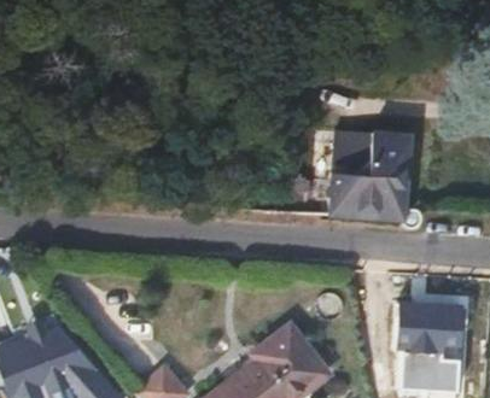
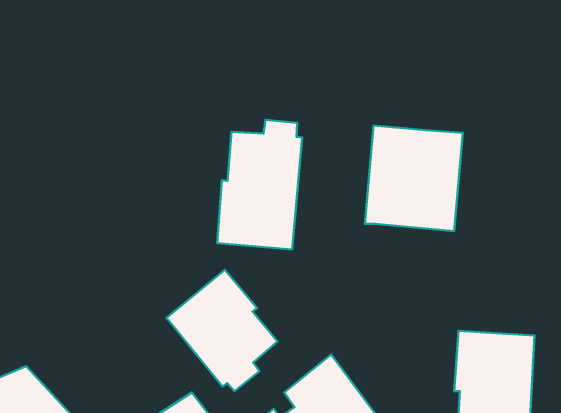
building: none -> [217,120,302,250]
building: none -> [167,270,277,391]

